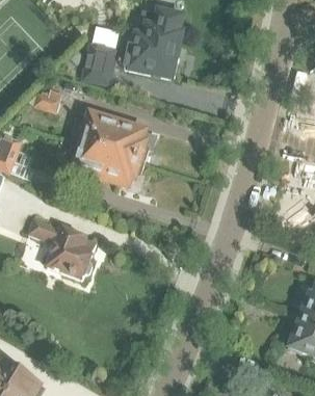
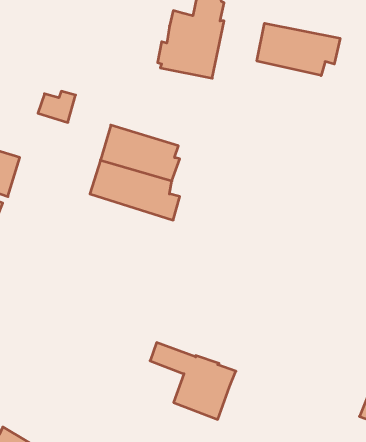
building: none -> [257,23,340,76]
building: [82,45,113,83] -> none
building: [28,218,97,280] -> [150,343,236,419]

